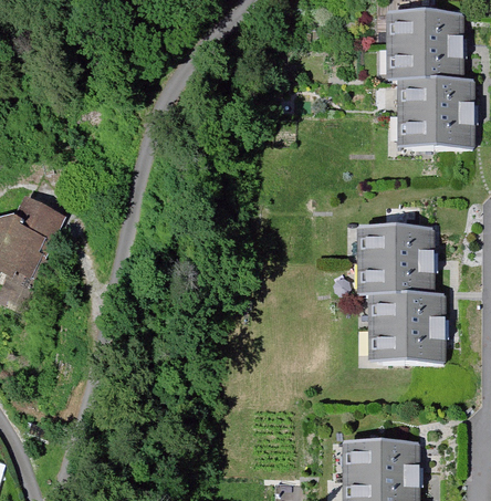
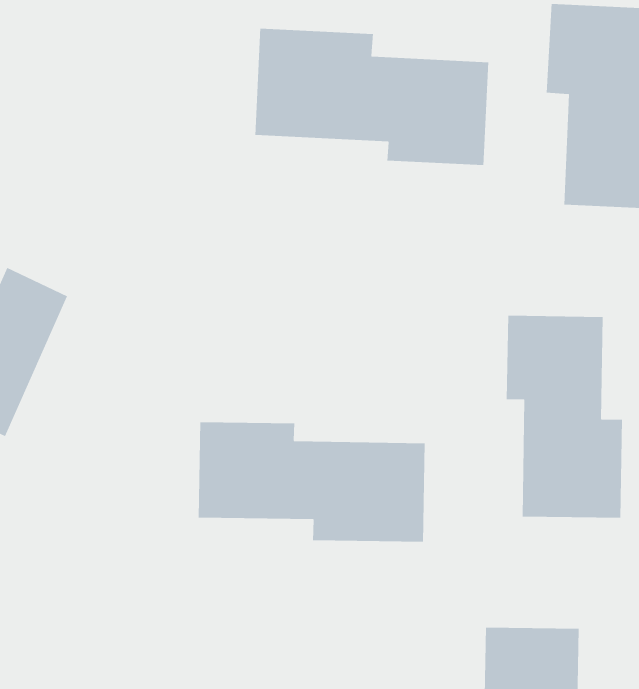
building: none -> [255,28,489,166]
building: none -> [198,421,425,543]

